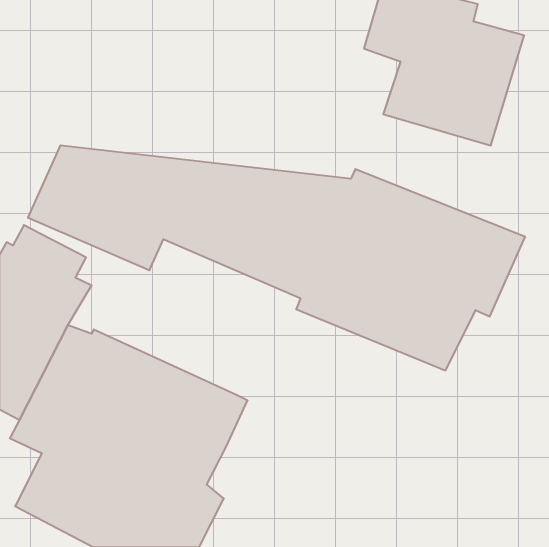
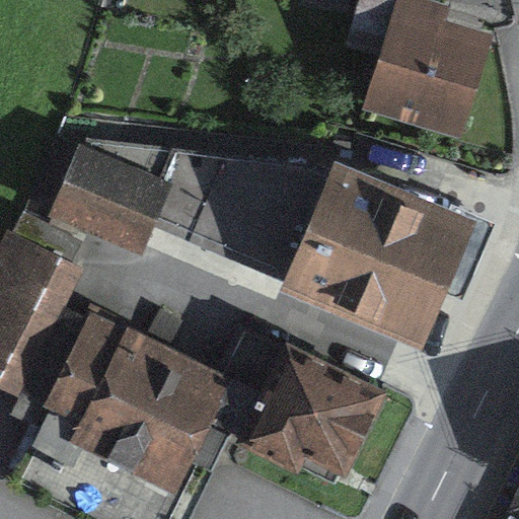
building: none -> [213,328,386,480]

